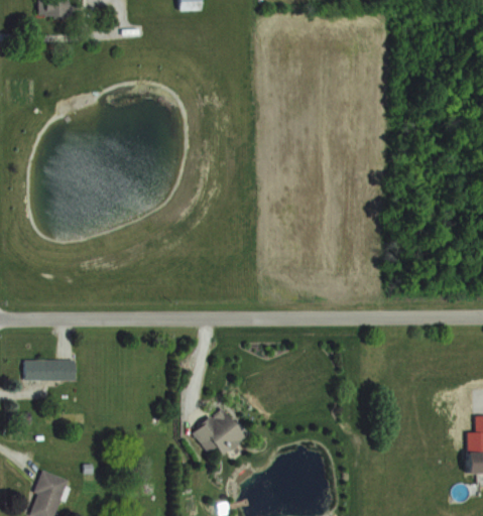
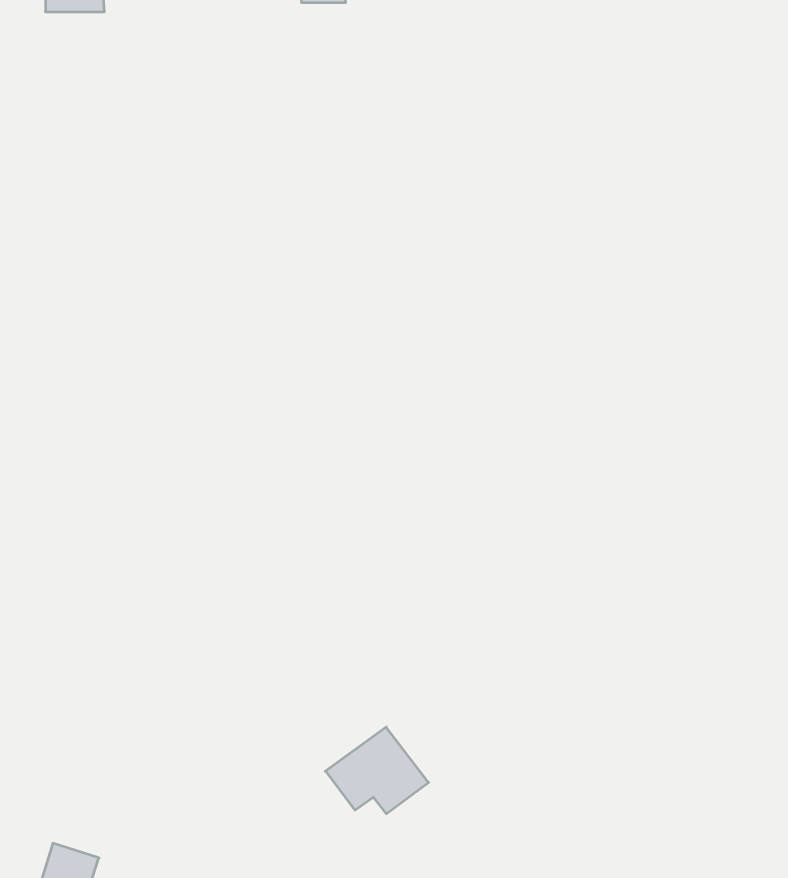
building: [24,360,76,380] -> none

